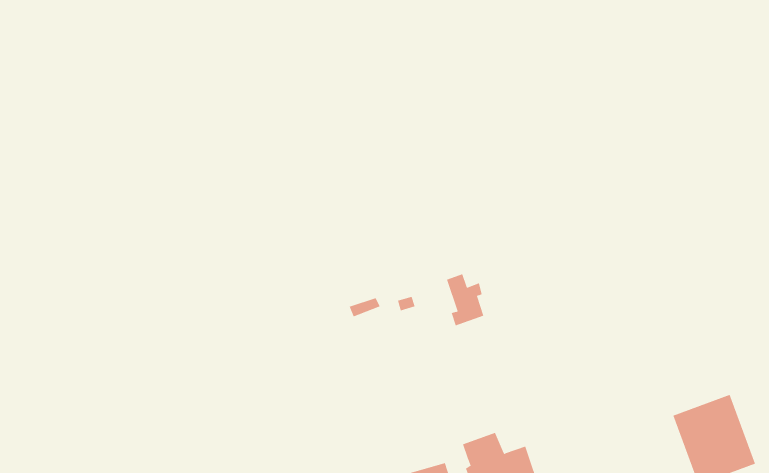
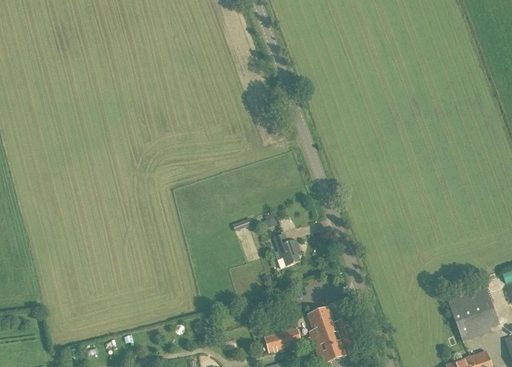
building: [446,273,484,326] -> [273,233,298,268]

